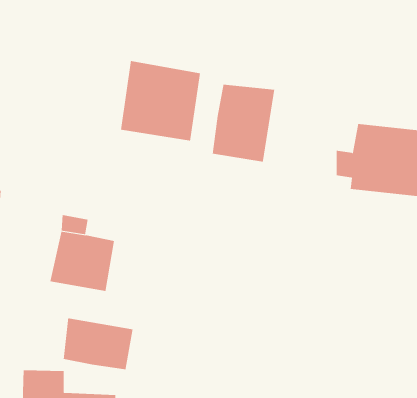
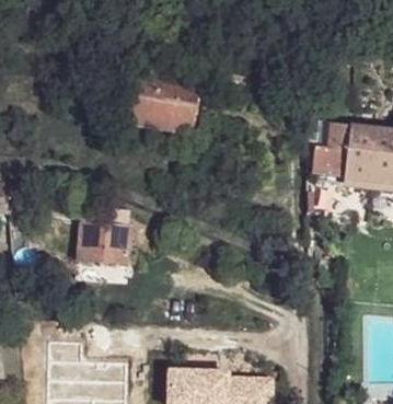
building: [212,84,275,162] -> none
building: [63,317,133,370] -> none

